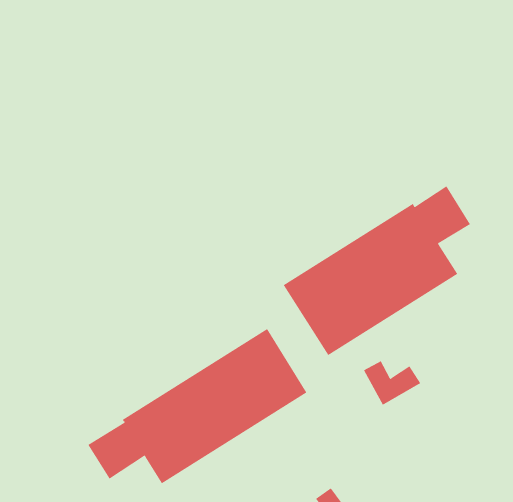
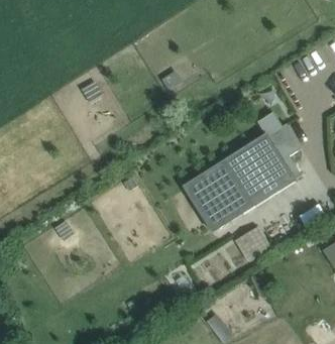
building: [87,328,307,484] -> none

